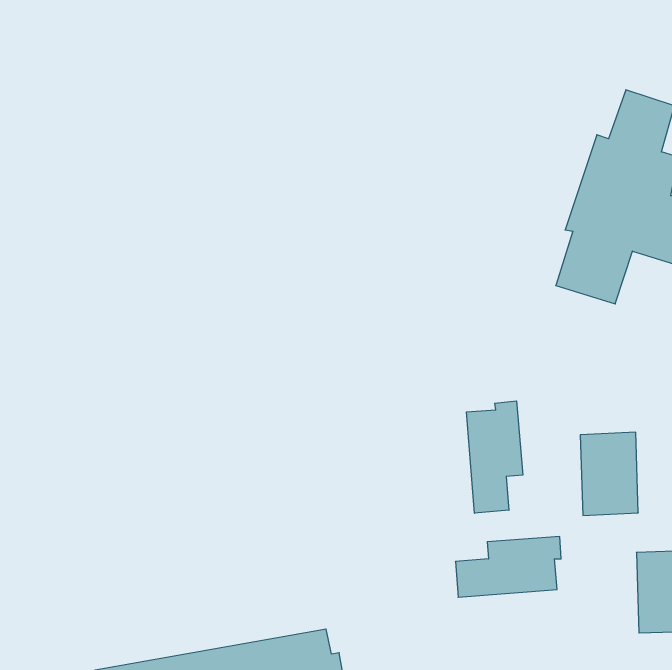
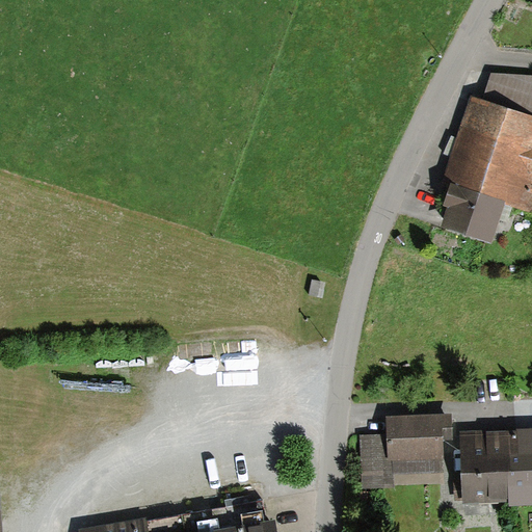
building: [466,401,523,513] -> none
building: [580,432,638,515] -> [459,438,505,504]

